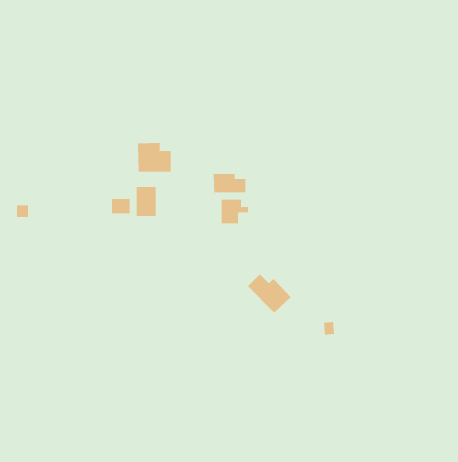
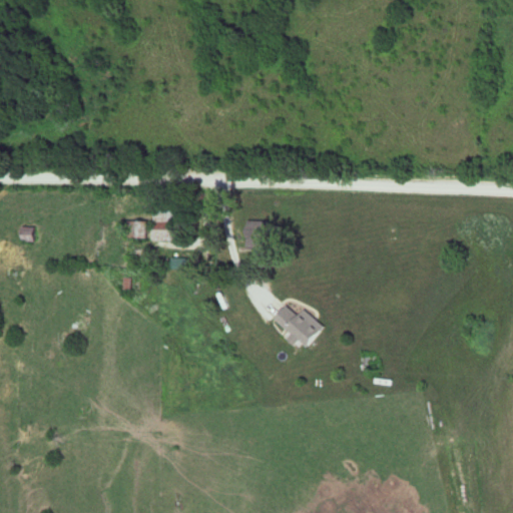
building: [138,142,171,172] -> none
building: [213,173,246,193] -> none

